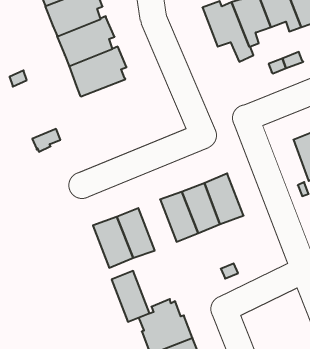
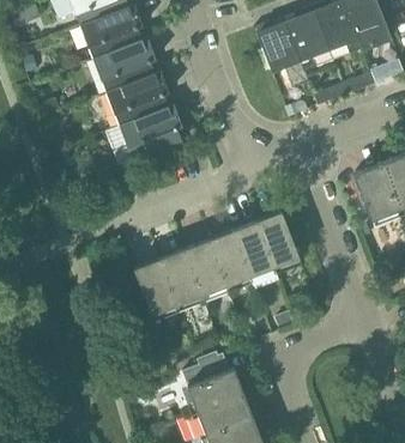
building: none -> [119,105,182,160]
building: [112,271,149,322] -> [182,241,224,297]

